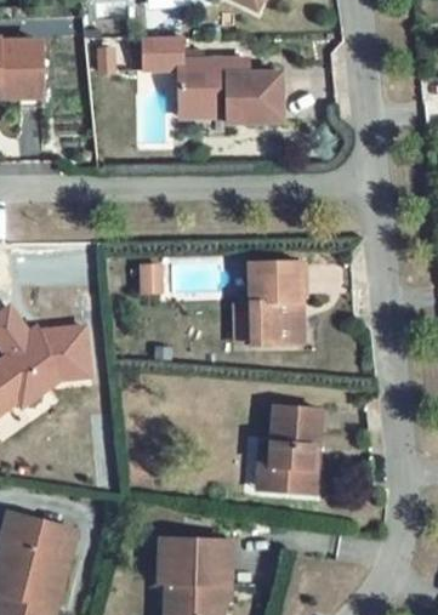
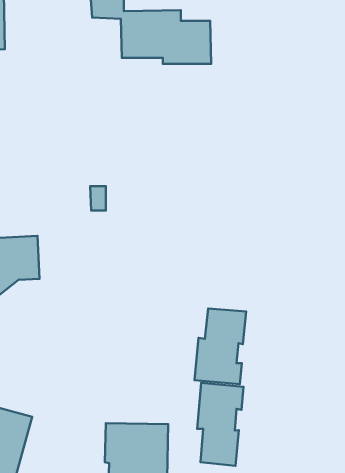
building: [237,262,306,344] -> none
building: none -> [197,383,243,466]

